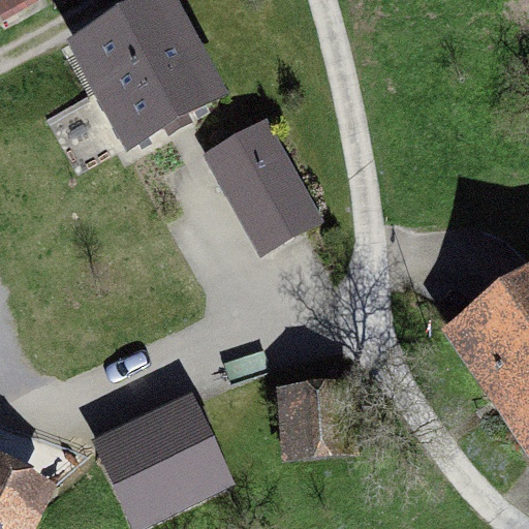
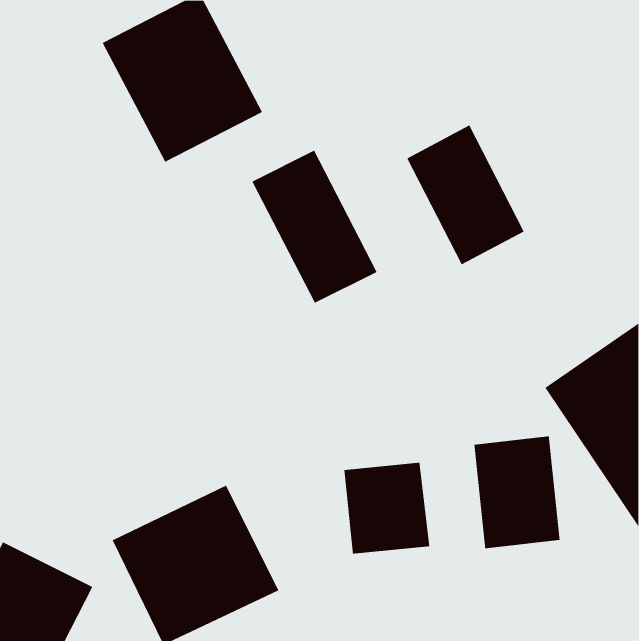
building: none -> [406,125,525,265]
building: none -> [474,435,560,549]

